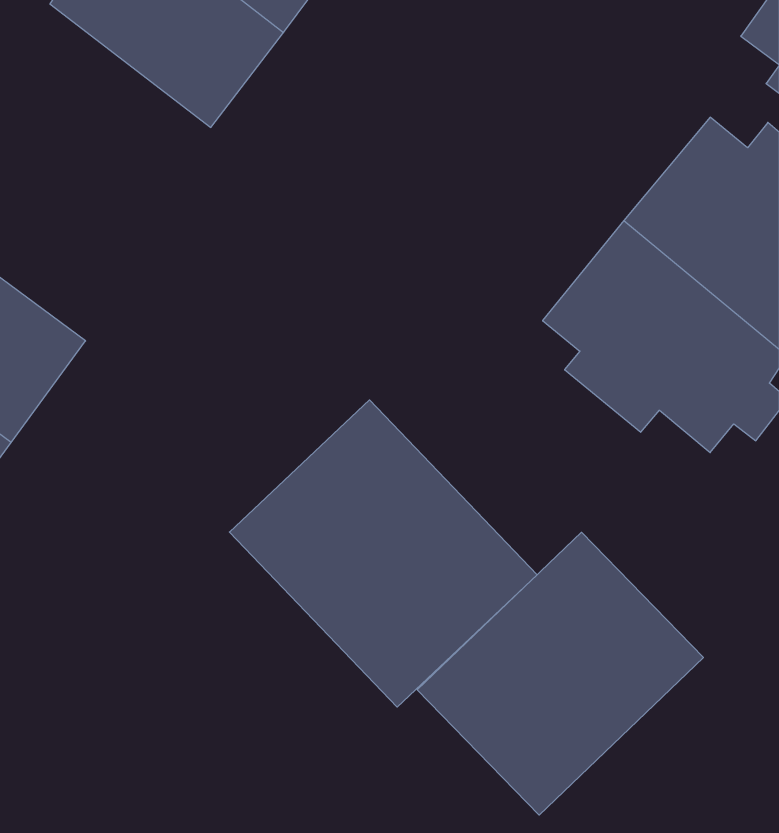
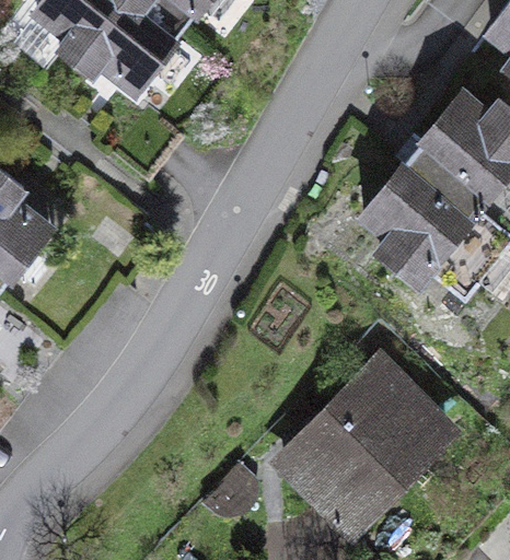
building: [229,400,537,707] -> none

